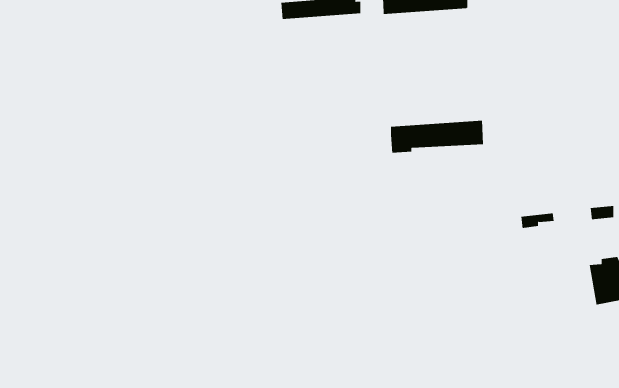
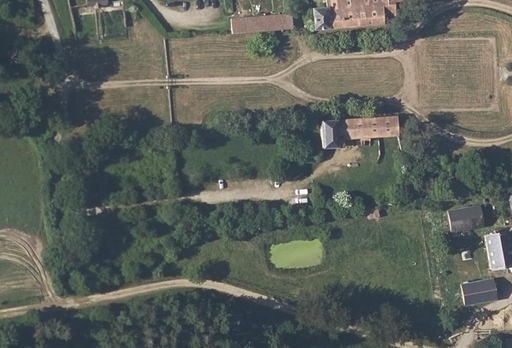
building: none -> [449,205,490,231]
building: none -> [462,278,496,304]

